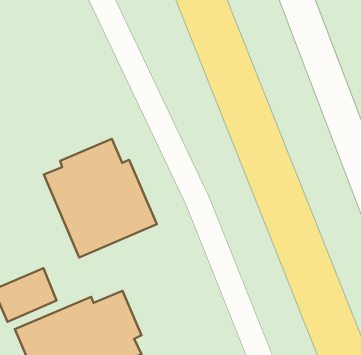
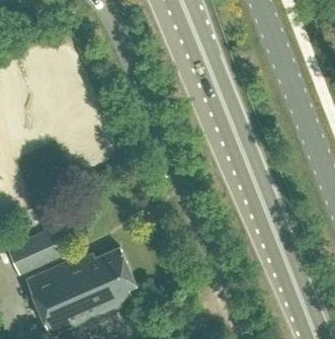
building: [44,139,157,257] -> none

